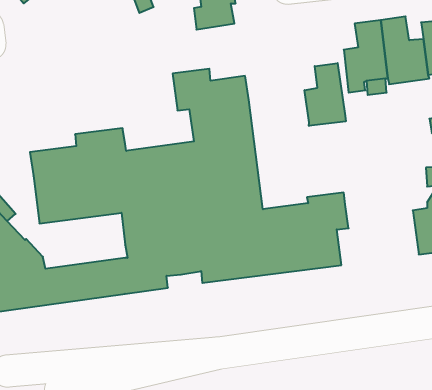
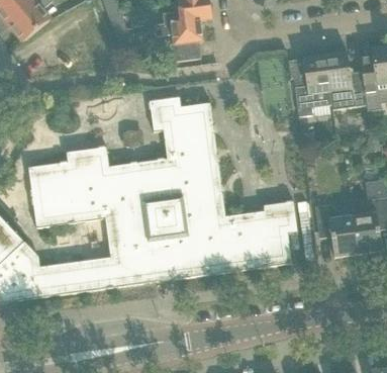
building: [305,63,346,126] -> none
building: none -> [315,203,358,256]

